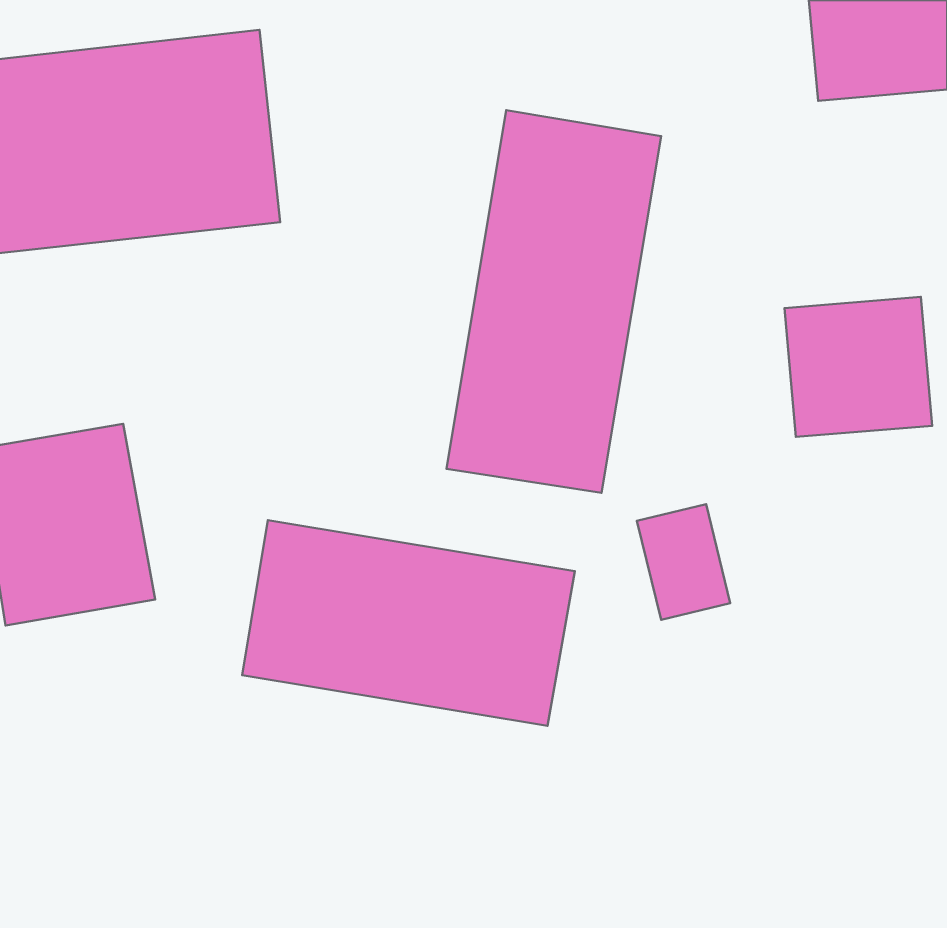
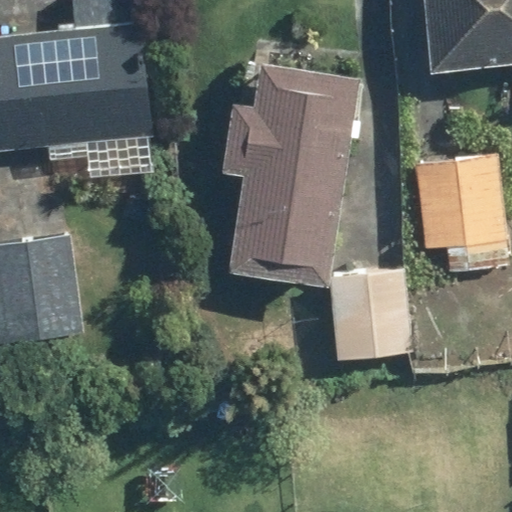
building: [242,520,575,726] -> none

